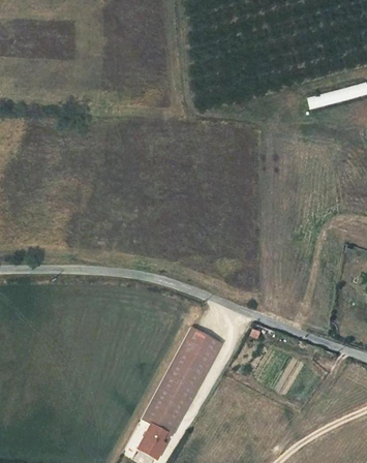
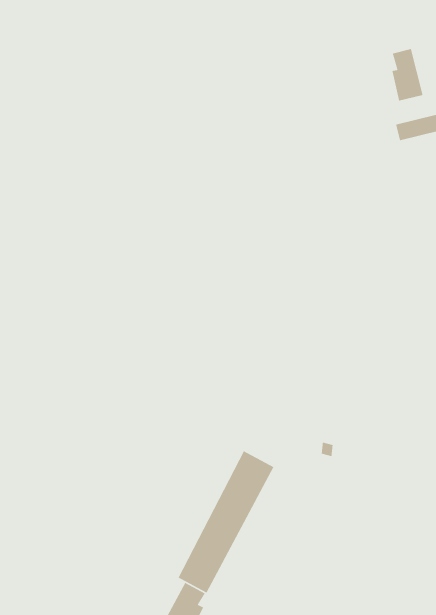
building: none -> [391,48,424,102]

